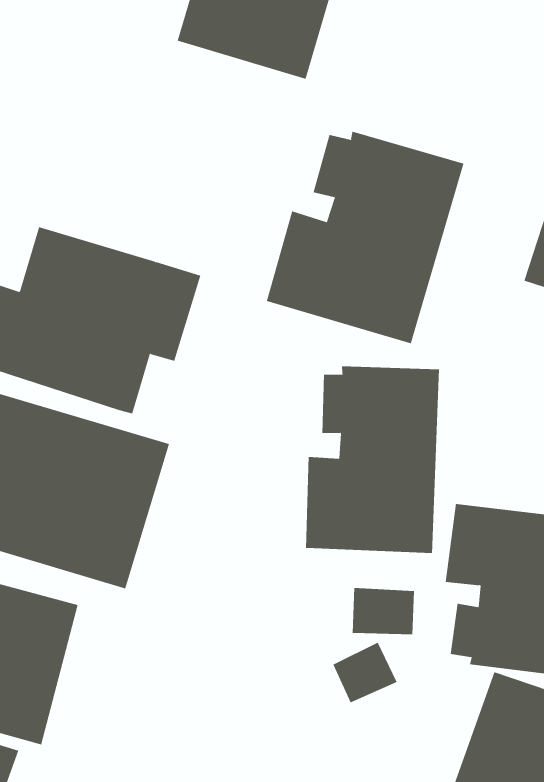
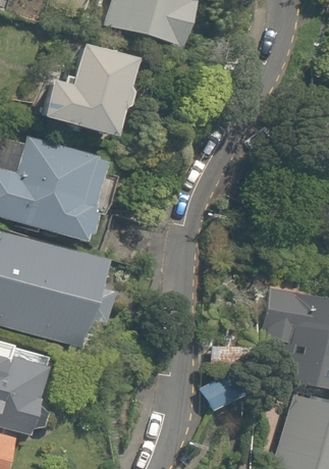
building: none -> [41,39,136,140]
building: [266,131,464,344] -> none
building: [305,366,439,554] -> none

